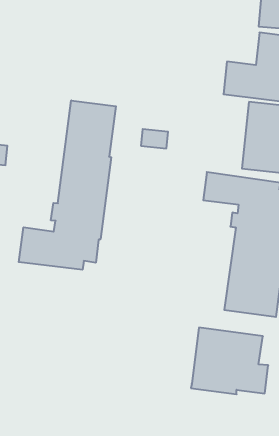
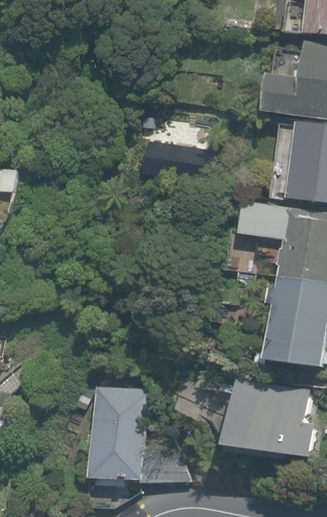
building: [19,100,116,270] -> none
building: none -> [85,385,186,483]

